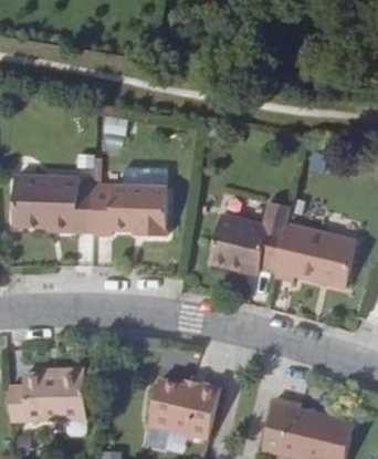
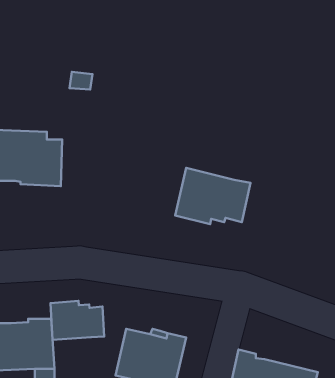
building: [93,184,167,236] -> none
building: [274,223,356,288] -> none
building: none -> [51,301,104,340]

